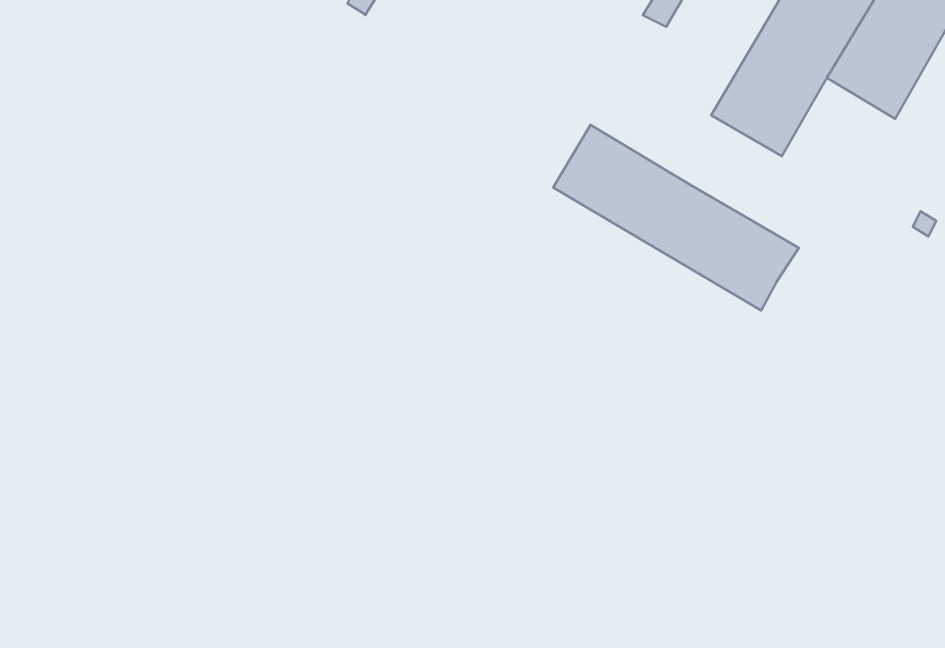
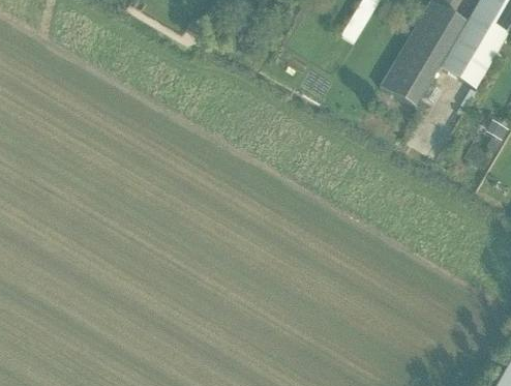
building: [553,125,799,310] -> none

